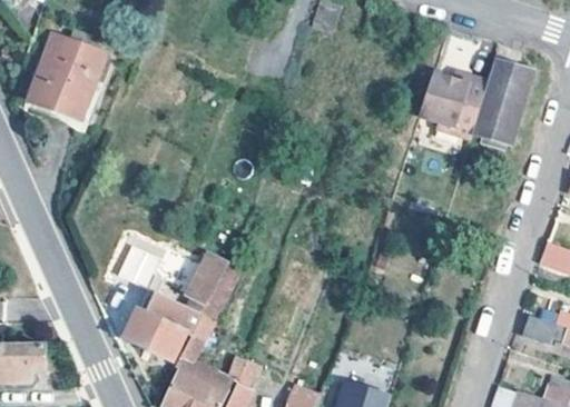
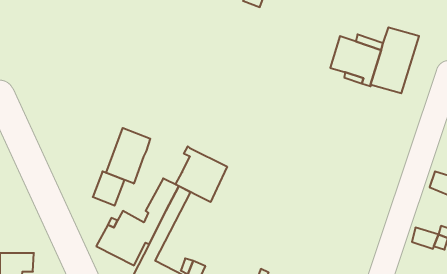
building: [28,34,102,117] -> none
building: none -> [106,128,150,184]
building: none -> [176,146,227,202]

